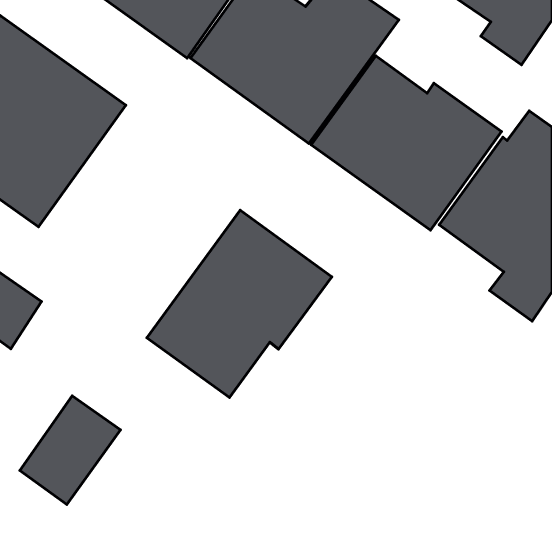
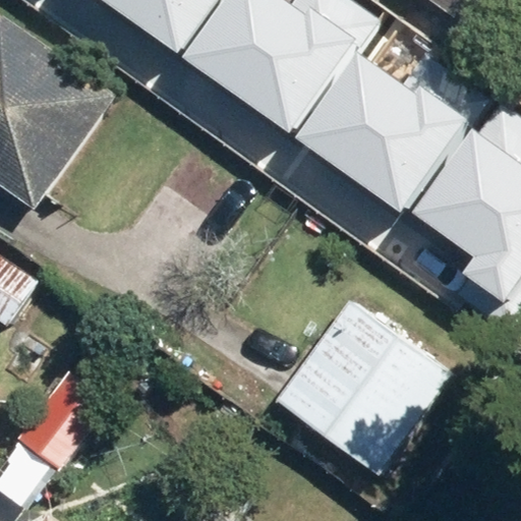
building: [147,210,332,398] -> none
building: none -> [276,297,455,476]

